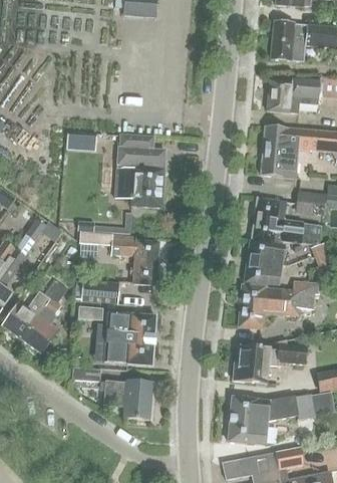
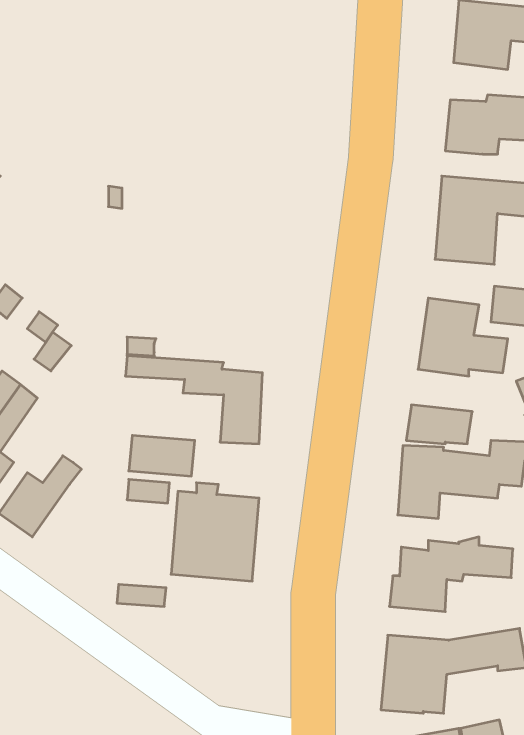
building: [115,134,165,206] -> none
building: [247,239,287,264] -> none
building: [22,280,67,352] -> none
building: [103,380,152,419] -> none

